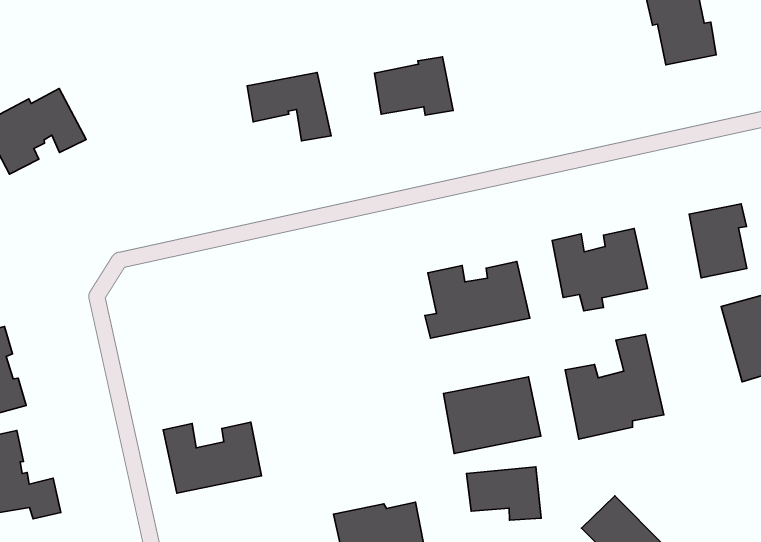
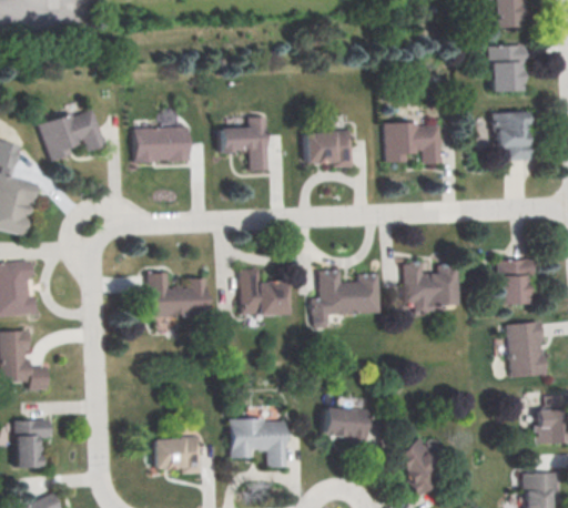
building: none -> [384,121,443,161]
building: none -> [132,125,189,162]
building: none -> [240,268,285,314]
building: [565,334,664,439] -> none
building: [444,377,541,453] -> none
building: [163,422,262,493] -> [148,272,207,316]

